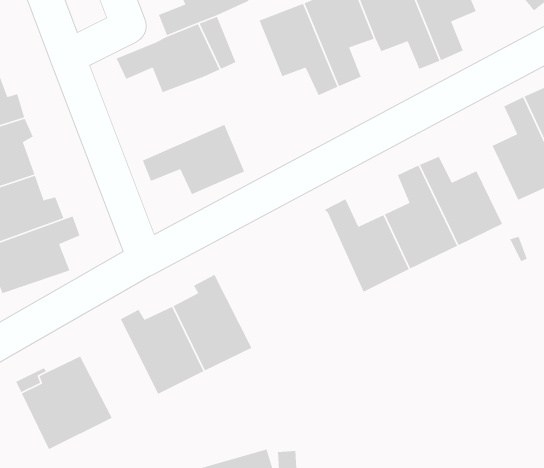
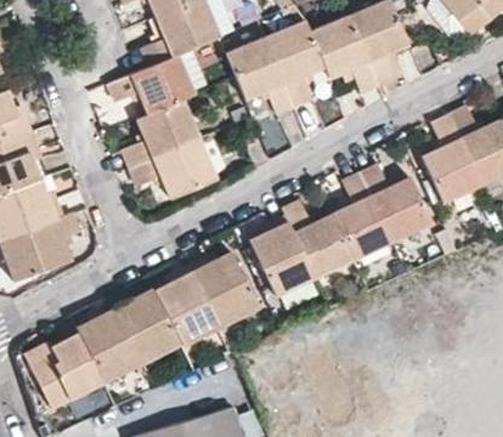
building: none -> [121,100,199,169]
building: none -> [250,212,315,297]
building: none -> [191,252,259,325]
building: none -> [77,301,143,384]

